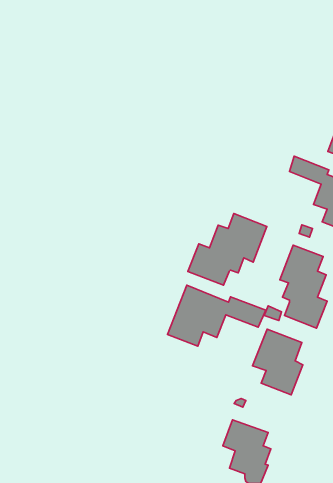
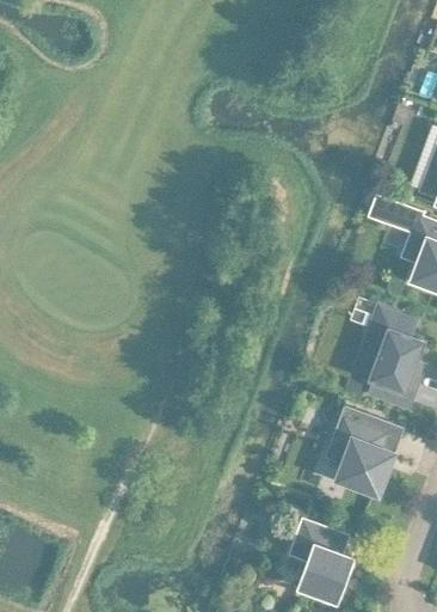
building: [188,214,267,285] -> none
building: [167,285,266,346] -> none

